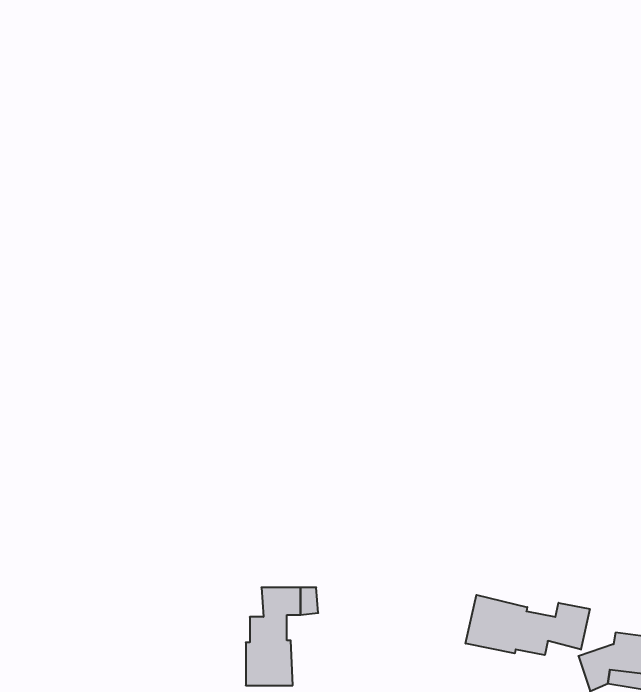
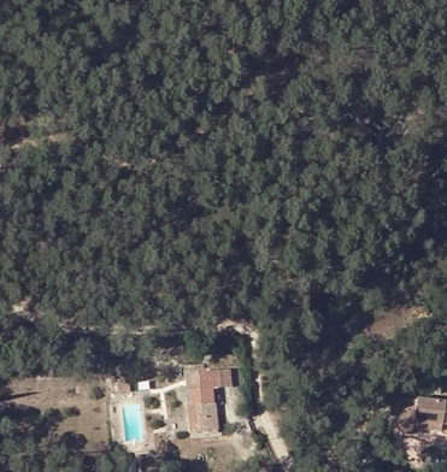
building: [466,595,590,655] -> none

